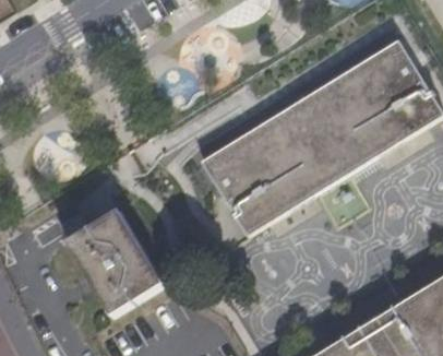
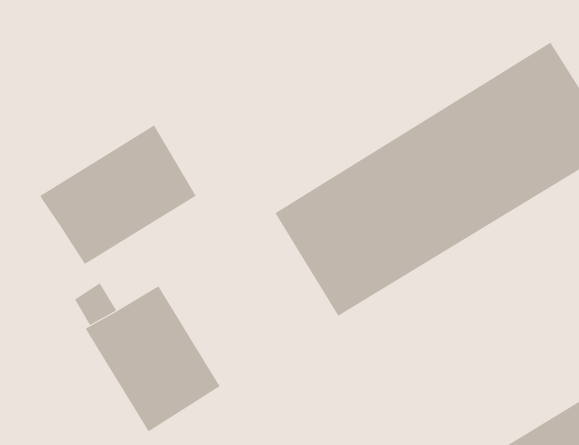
building: none -> [40,124,196,265]

